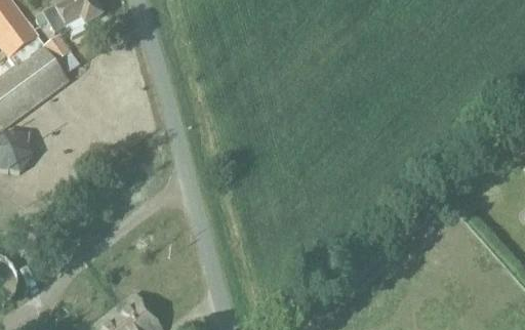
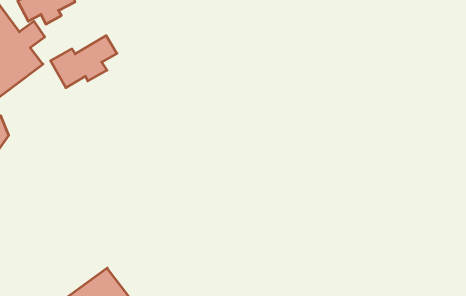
building: none -> [51,36,117,88]

